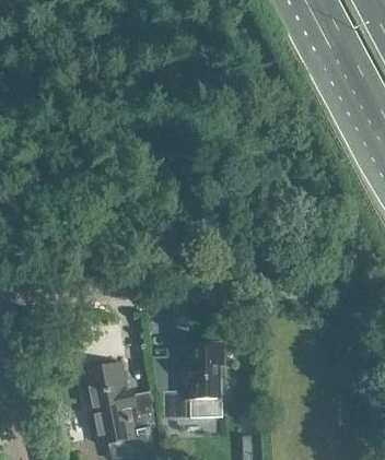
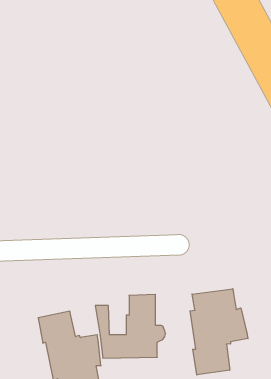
building: none -> [190,289,248,375]

